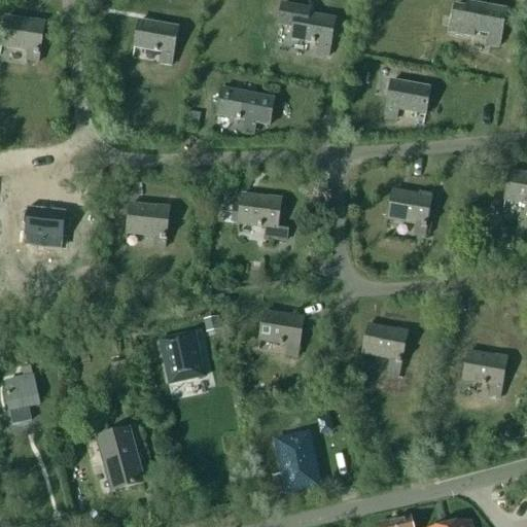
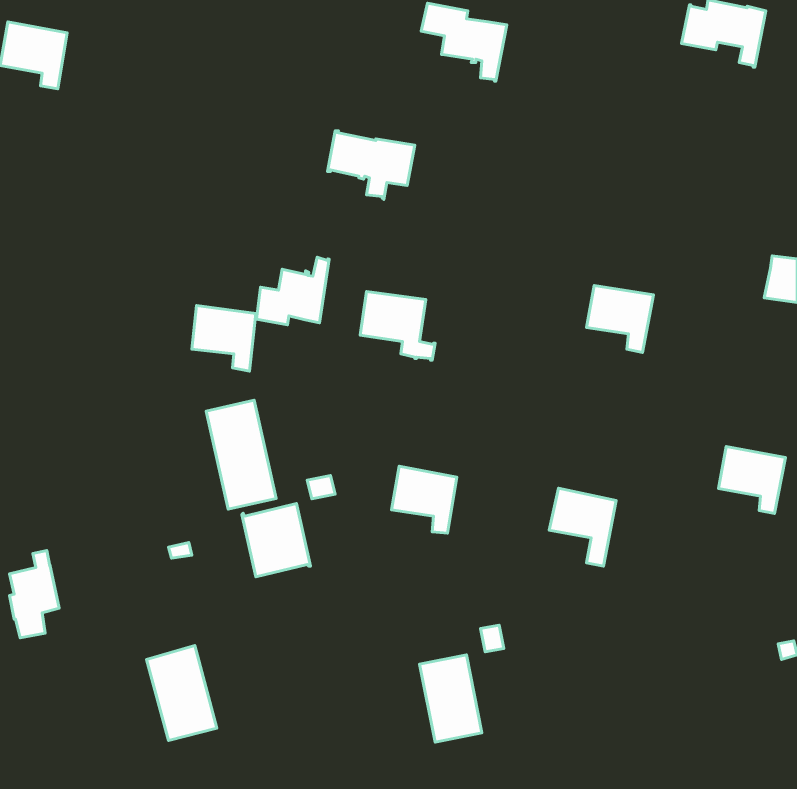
building: [134,19,177,62] -> none
building: [385,78,430,117] -> none
building: none -> [256,257,329,325]
building: [23,207,66,250] -> none
building: none -> [206,400,276,509]
building: [462,349,506,393] -> [719,446,786,513]

